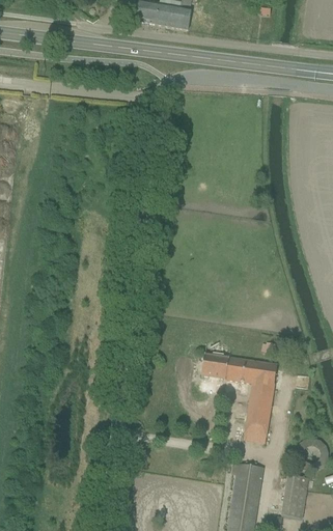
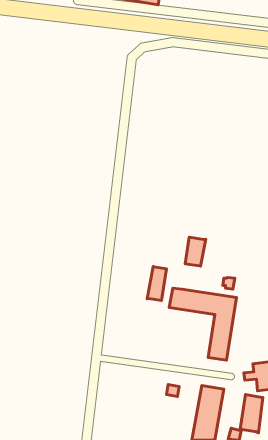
building: none -> [185,237,206,266]
building: none -> [147,267,167,300]

